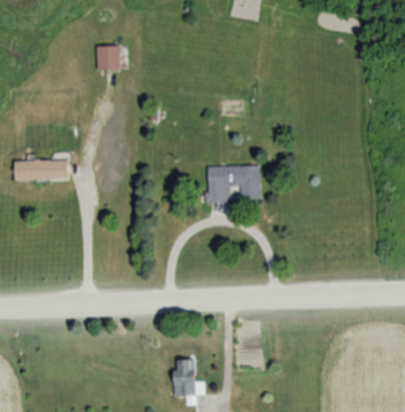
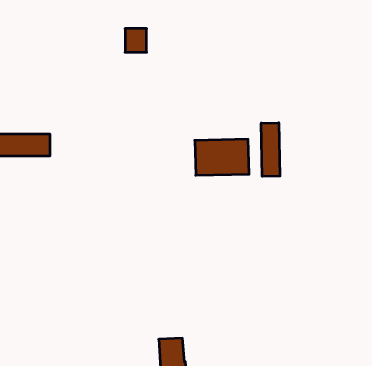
building: [97,46,118,69] -> [125,29,147,52]
building: none -> [261,123,280,176]

